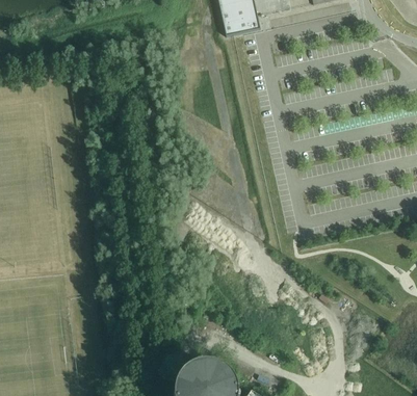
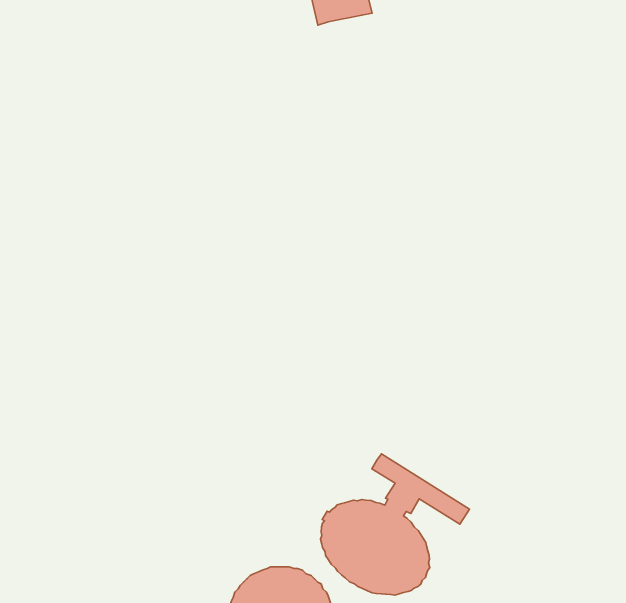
building: none -> [321,454,469,595]

